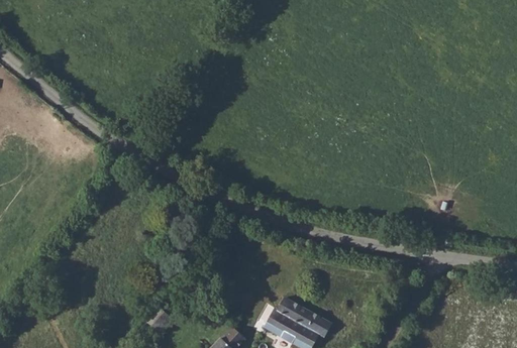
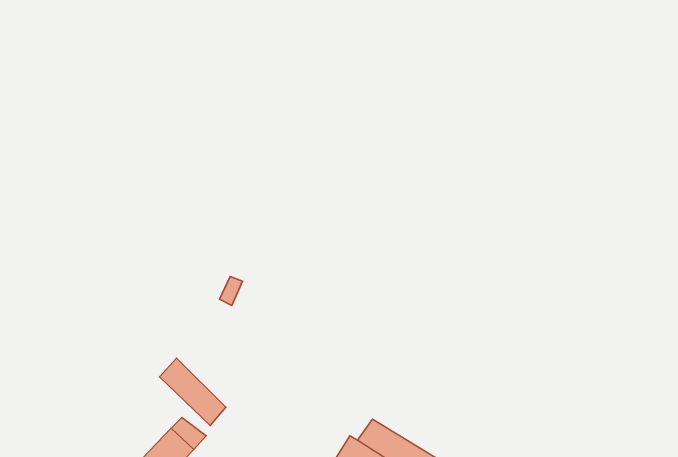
building: none -> [159,358,226,426]

